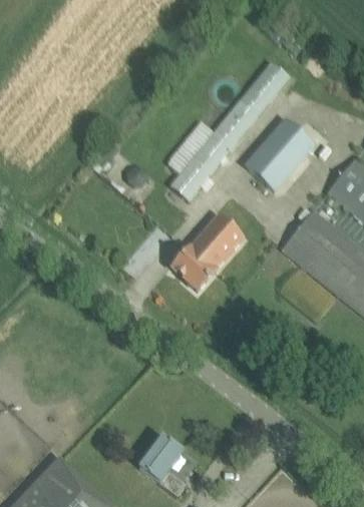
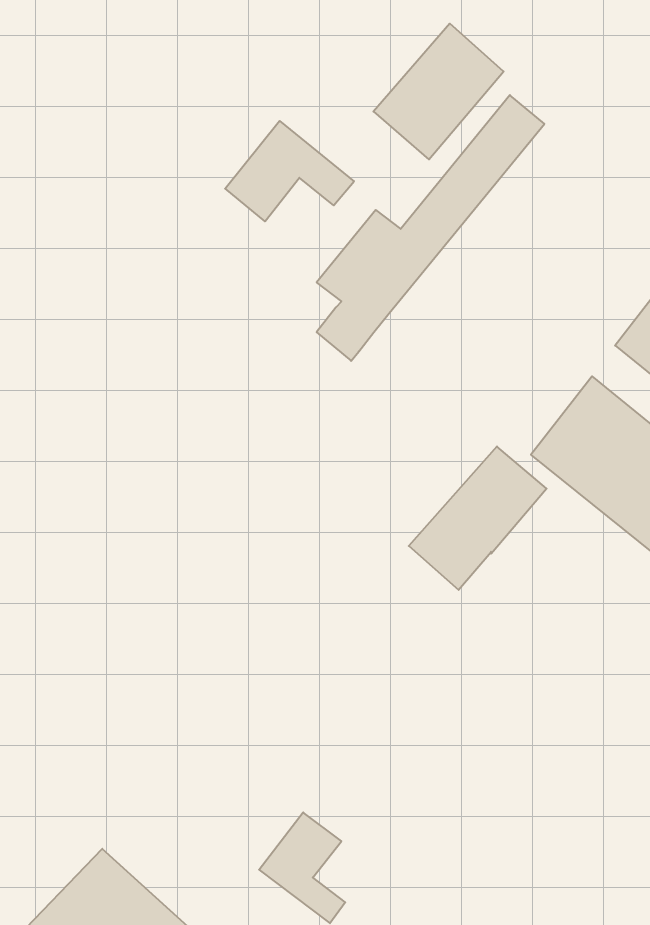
building: none -> [225,121,354,221]
building: [246,119,314,190] -> [373,24,504,159]
building: [172,214,245,290] -> [409,446,547,590]

